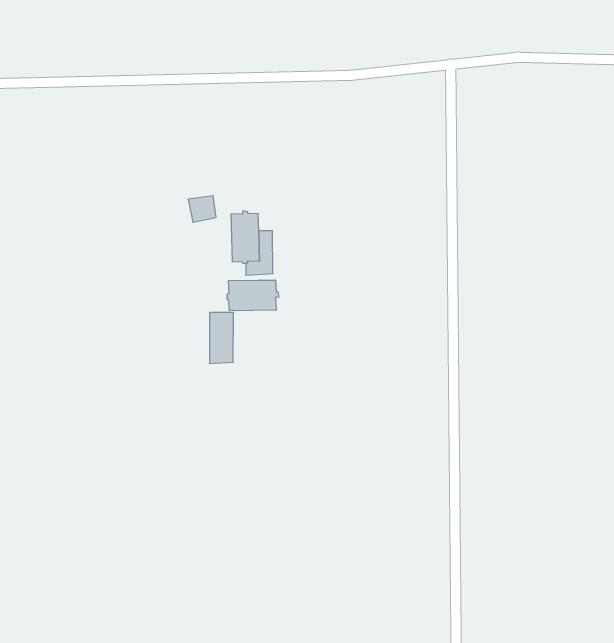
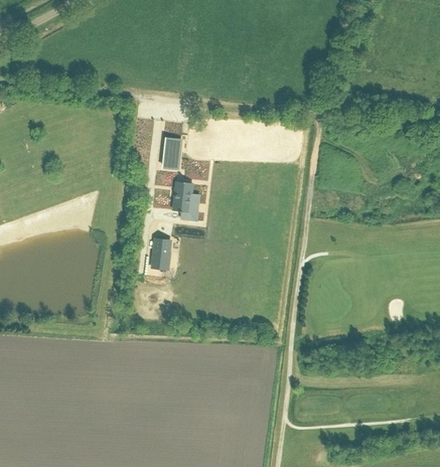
building: none -> [162,138,179,168]
building: [227,280,279,311] -> none

